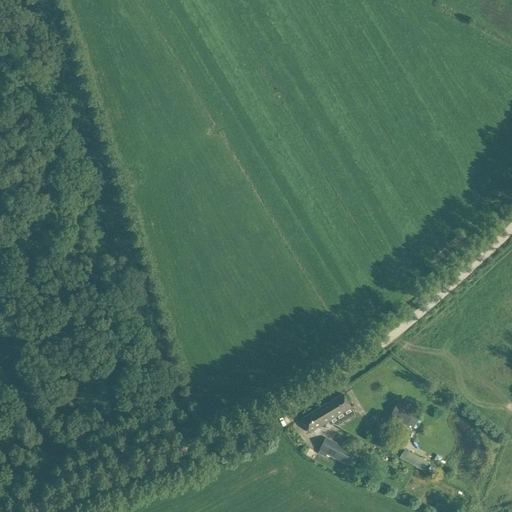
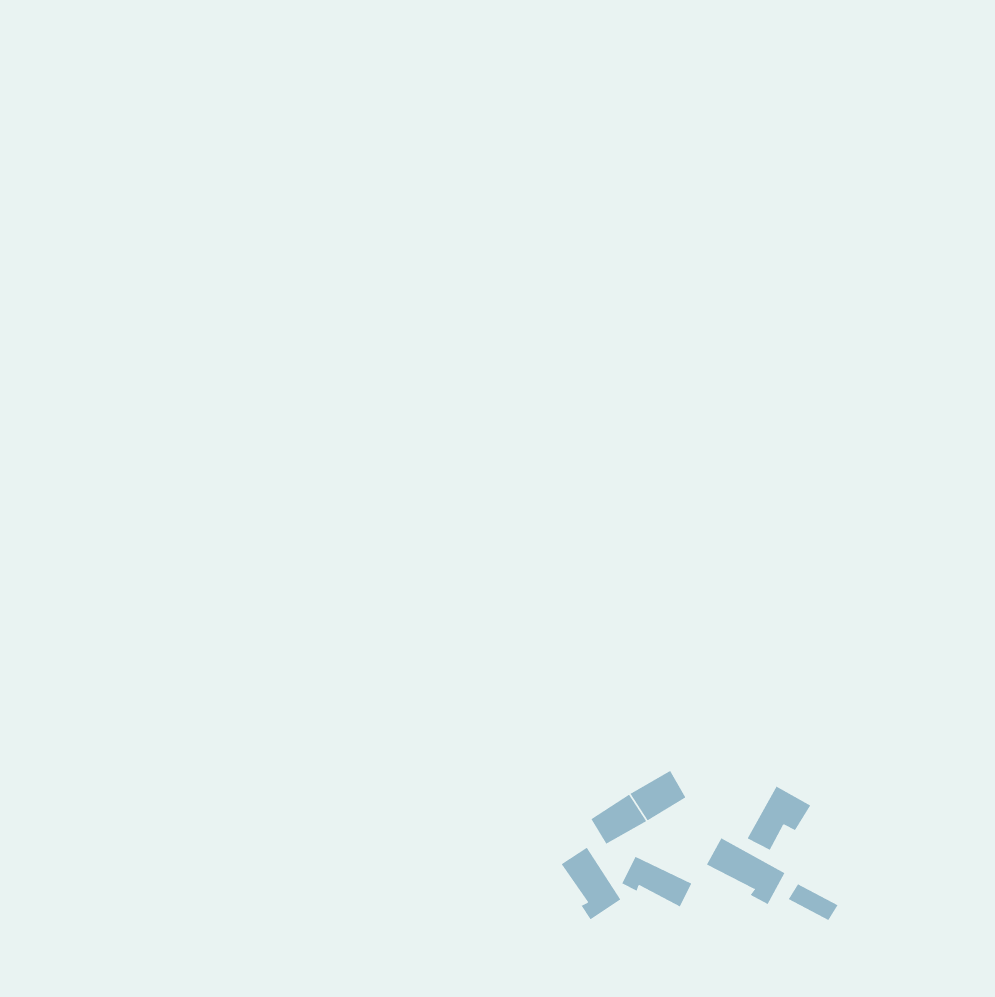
building: none -> [706,837,785,905]
building: none -> [561,847,621,920]

